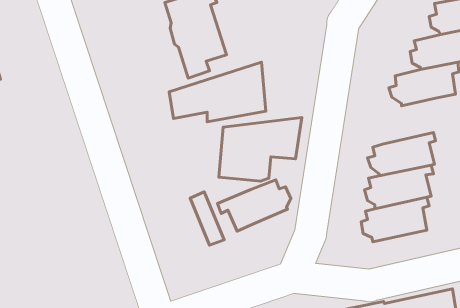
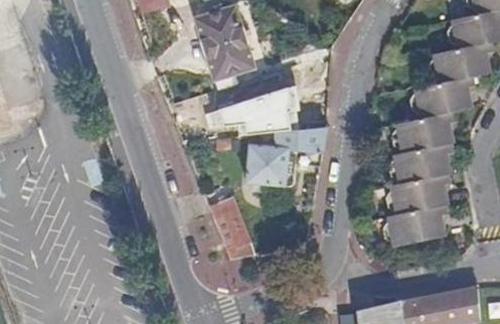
building: none -> [390,110,454,153]
building: [217,180,291,231] -> none

